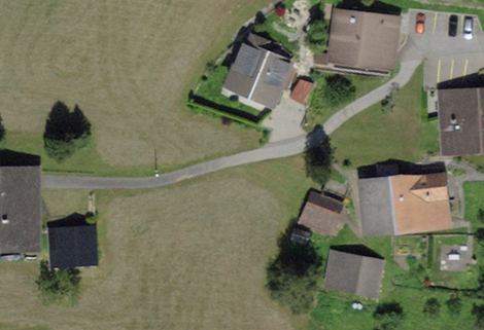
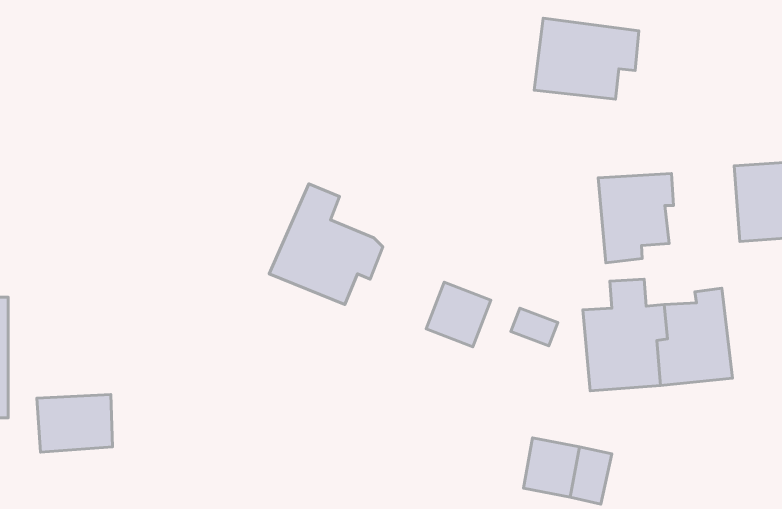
building: [229,37,293,106] -> [269,184,383,305]
building: none -> [598,173,674,263]
building: [302,198,339,235] -> [426,282,491,347]

